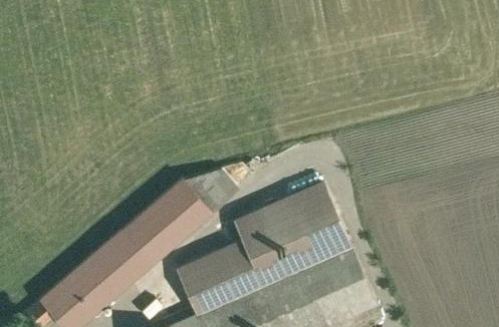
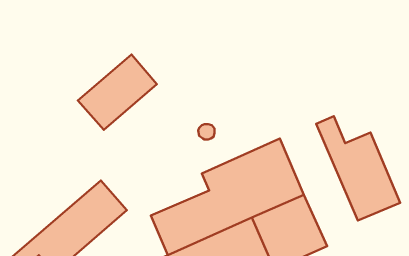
building: none -> [316,116,400,221]
building: [121,181,210,265] -> [78,55,157,130]

